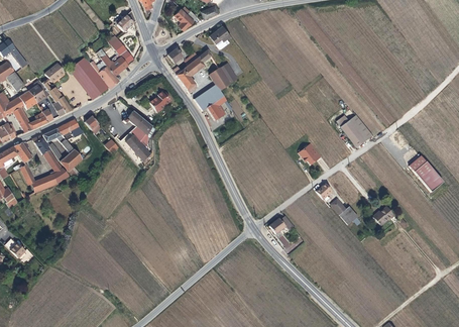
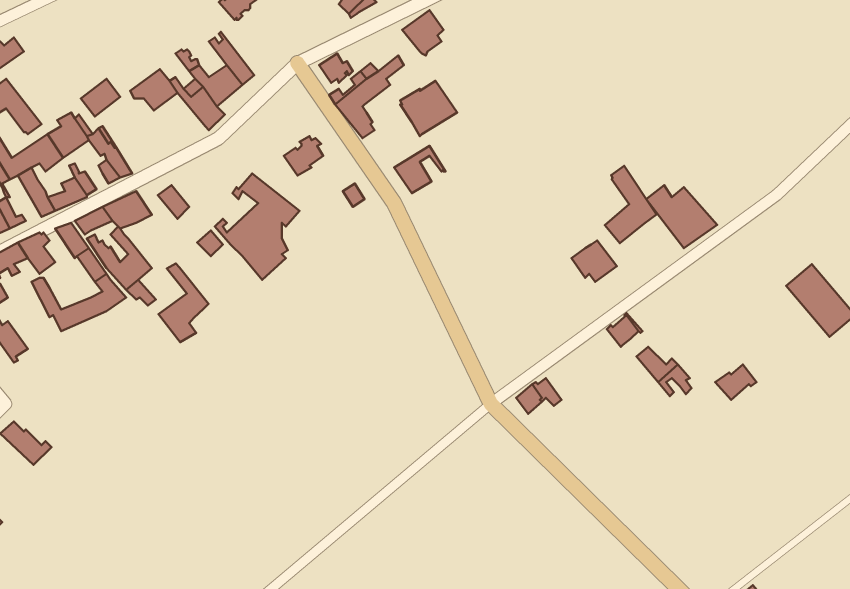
building: [73,70,109,99] -> none
building: [194,85,224,111] -> none
building: none -> [605,166,657,243]
building: none -> [158,263,209,342]

